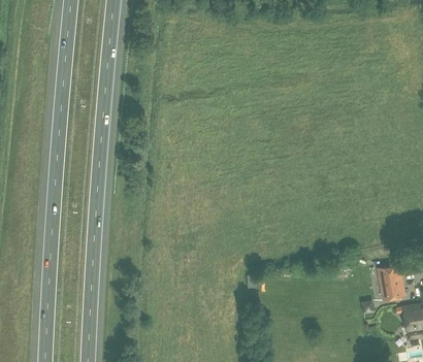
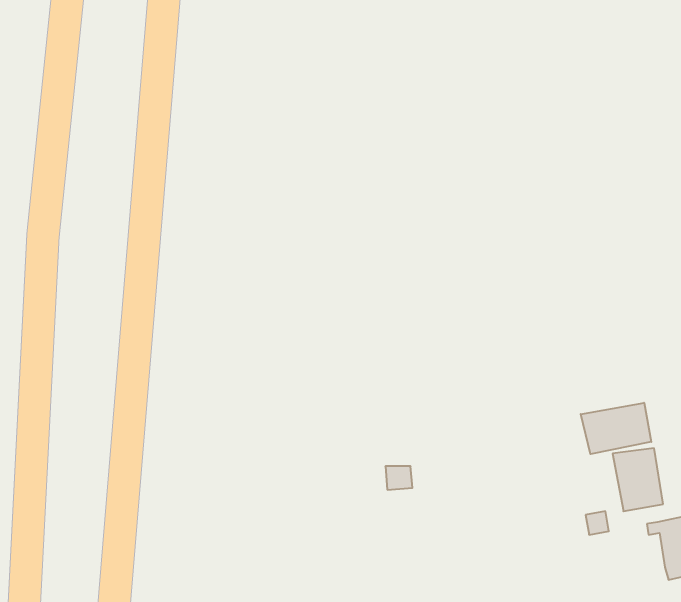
building: none -> [581,403,651,454]

